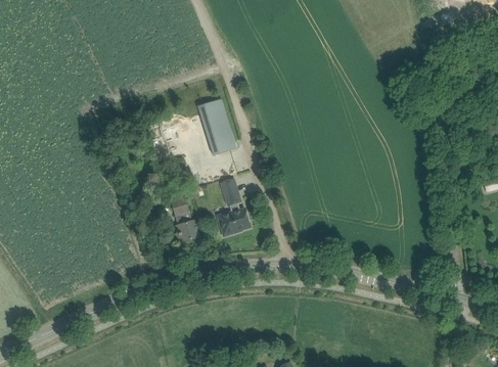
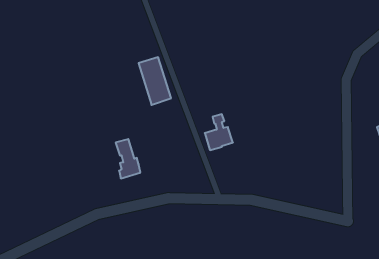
building: [217,192,251,235] -> [205,114,233,150]

